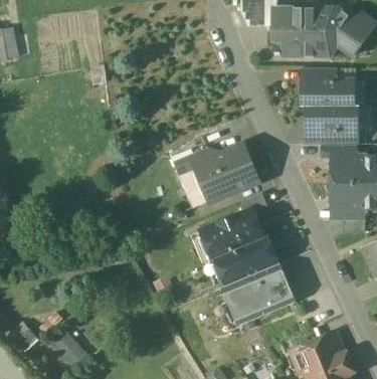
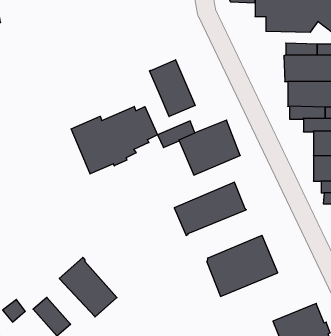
building: none -> [150,60,195,117]
building: none -> [71,106,157,174]
building: [205,235,278,290] -> none
building: none -> [59,257,117,317]

